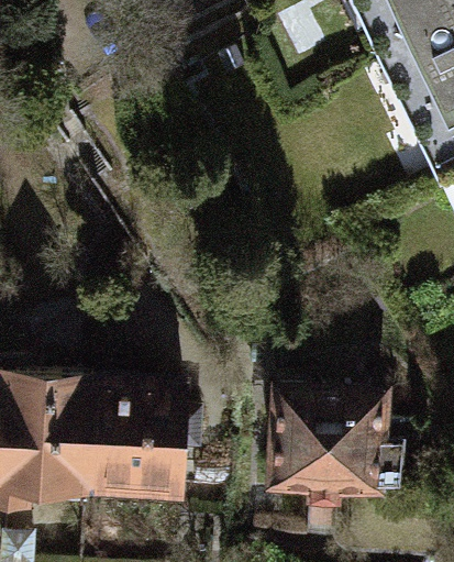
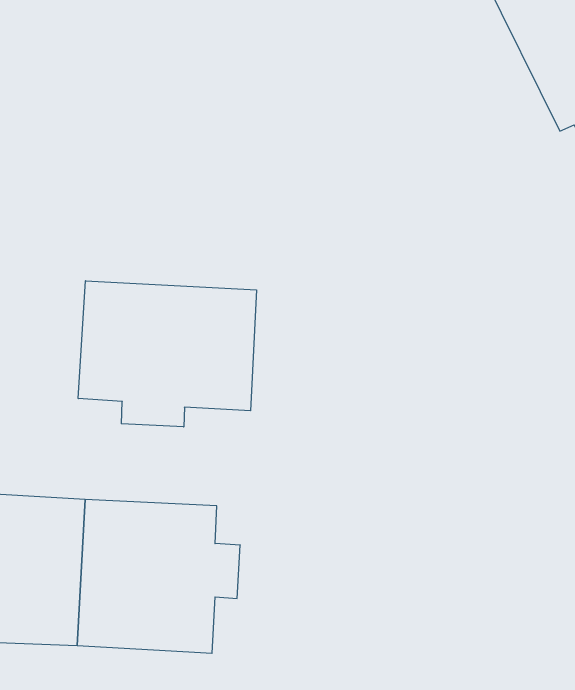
building: none -> [78,281,256,427]
building: [285,396,396,503] -> none

